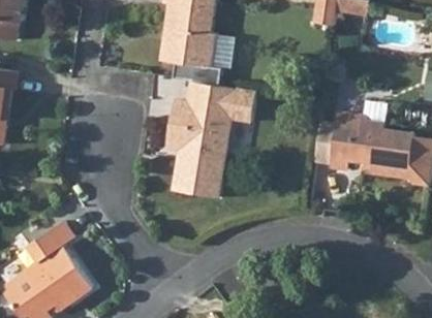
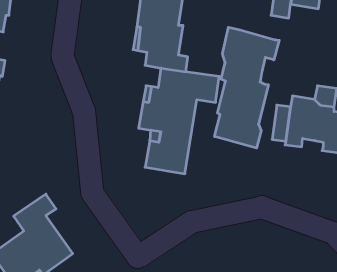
building: none -> [215,27,279,148]

